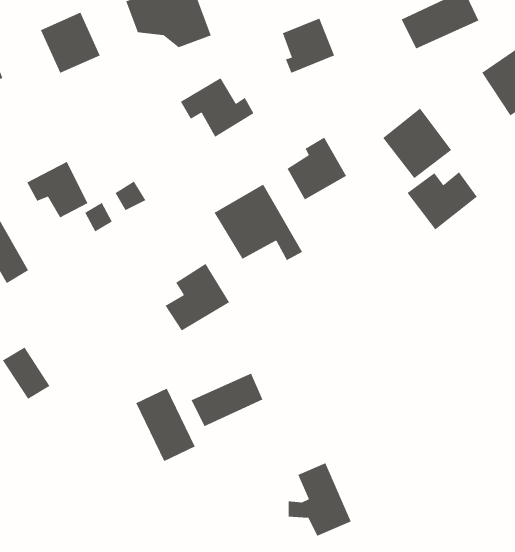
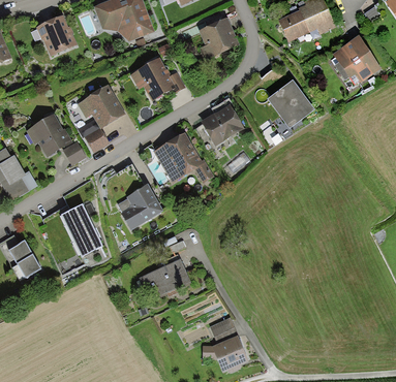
building: none -> [79,87,123,126]
building: [406,171,478,230] -> none
building: [135,387,196,462] -> [58,206,99,257]

